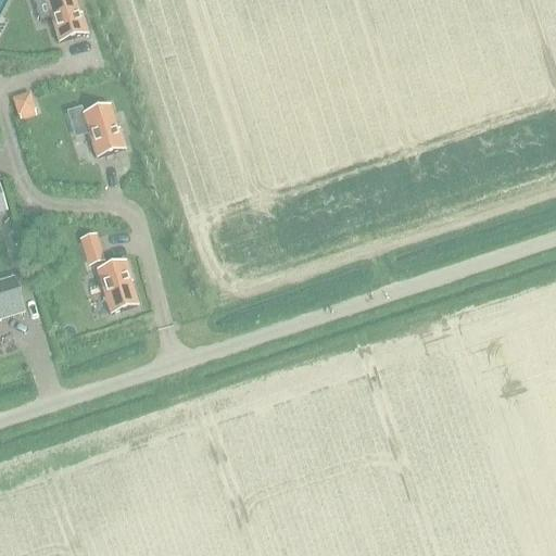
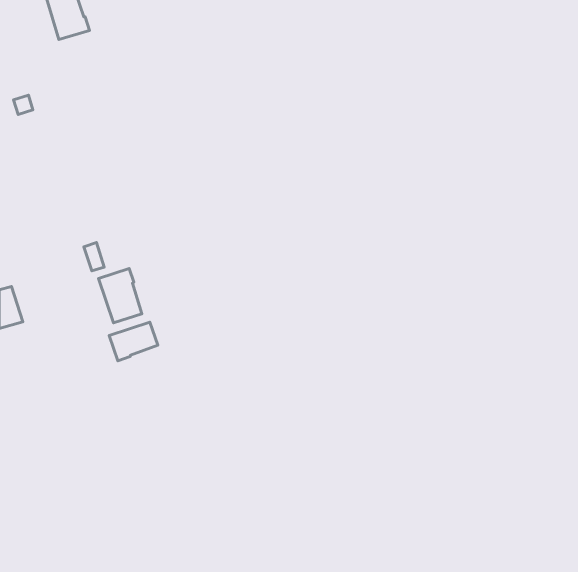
building: [80,102,124,154] -> none
building: none -> [109,322,158,361]

